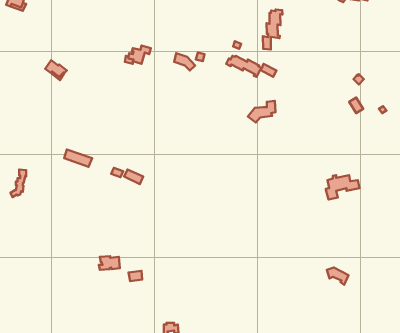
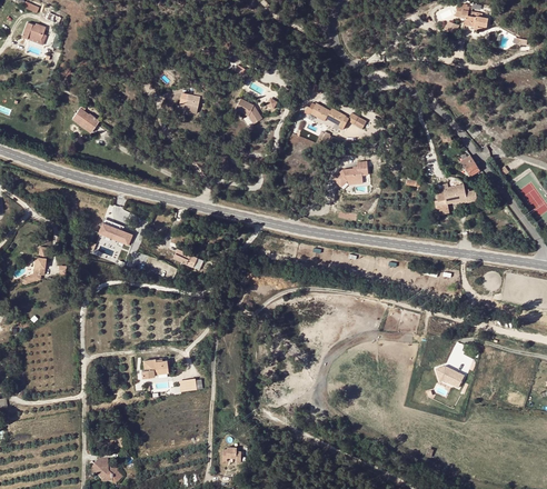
building: [263,9,282,49] -> none
building: [326,175,360,199] -> [435,183,478,214]

